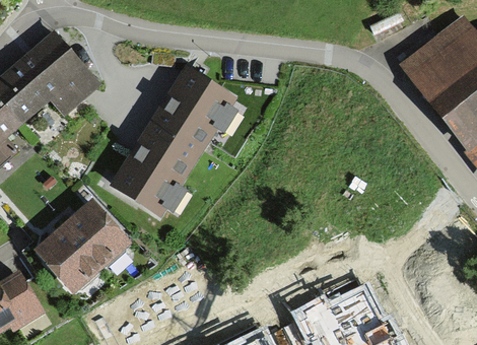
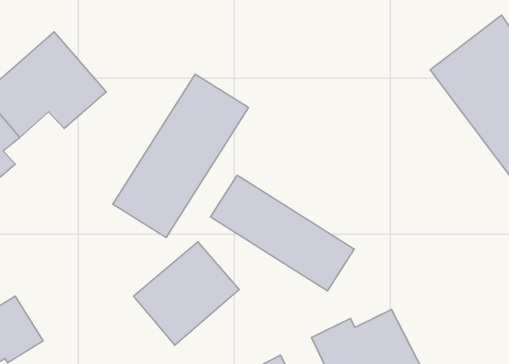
building: none -> [210,175,354,291]
building: [35,200,131,294] -> [134,242,239,345]

